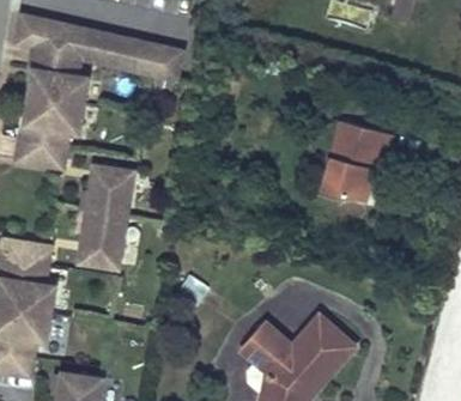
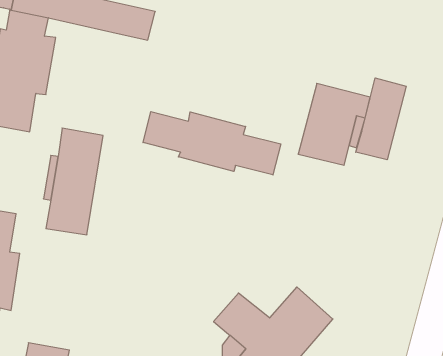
building: none -> [356,78,406,160]
building: none -> [143,112,281,175]

